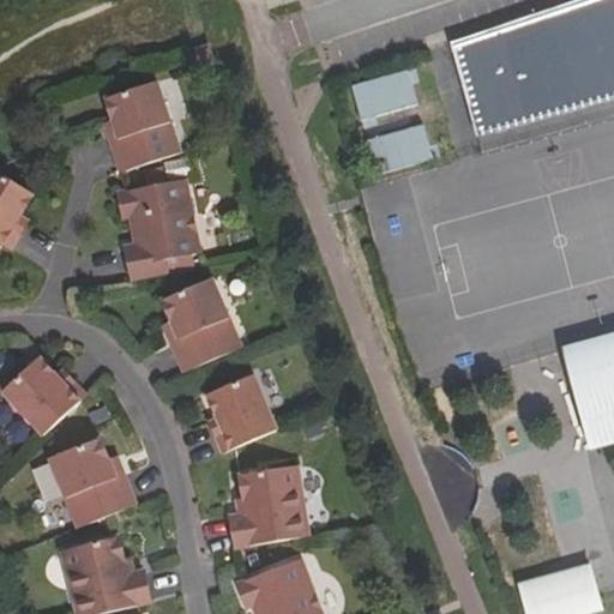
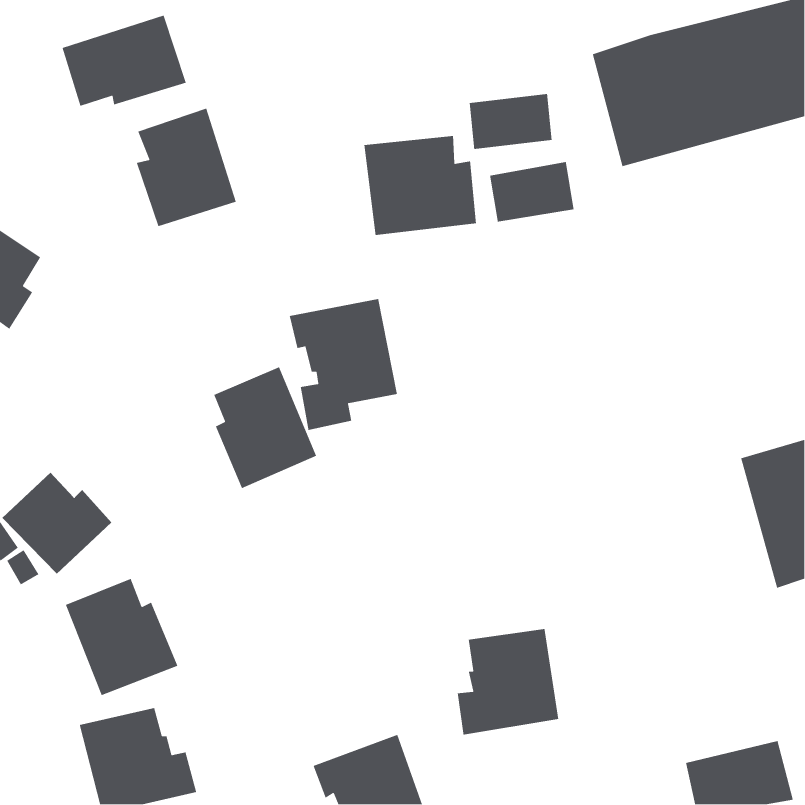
building: none -> [62,15,187,107]
building: none -> [363,135,477,236]
building: [118,180,200,281] -> [289,298,398,431]
building: [207,374,277,453] -> none
building: [231,468,309,549] -> [457,628,559,735]

